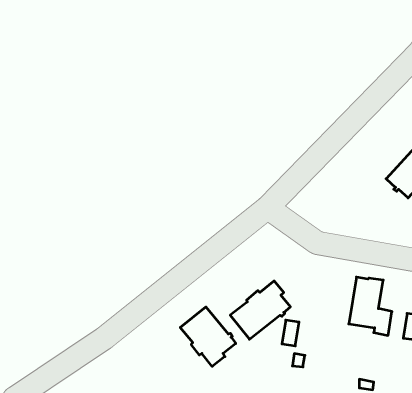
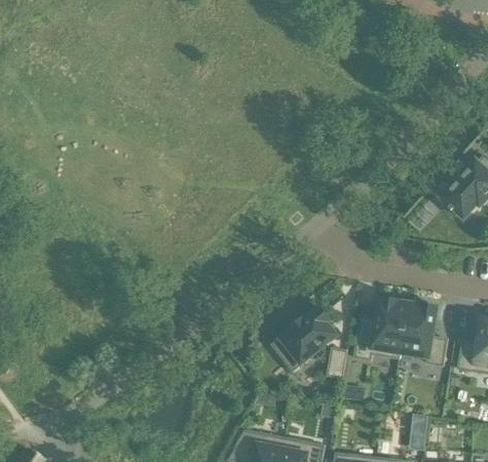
building: none -> [354,300,409,361]
building: [180,307,236,366] -> none

